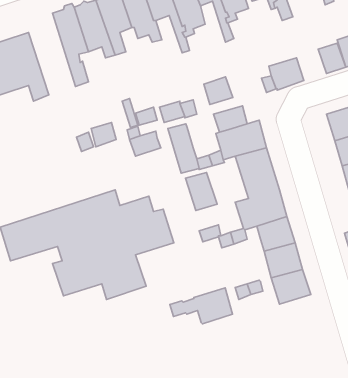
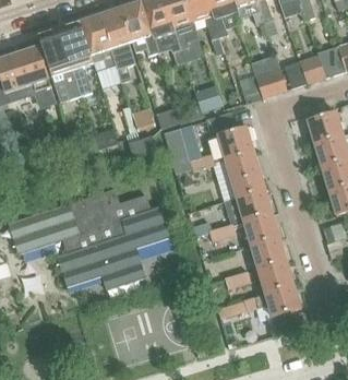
building: none -> [39,28,80,102]
building: [186,172,217,211] -> none
building: [170,288,232,324] -> [243,284,300,317]

